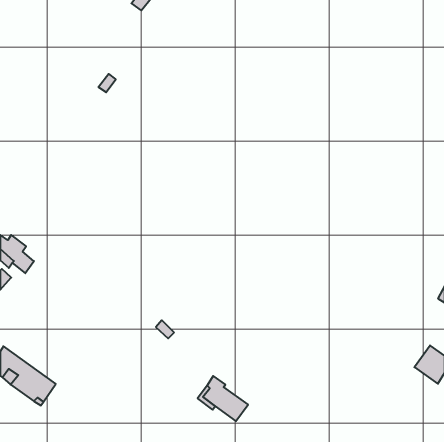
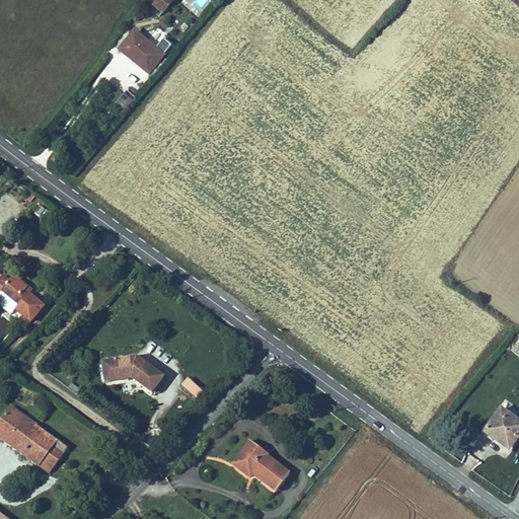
building: none -> [120,27,168,74]
building: none -> [100,353,161,389]

